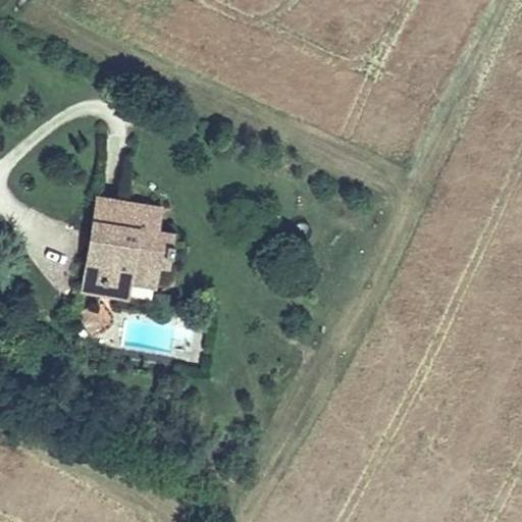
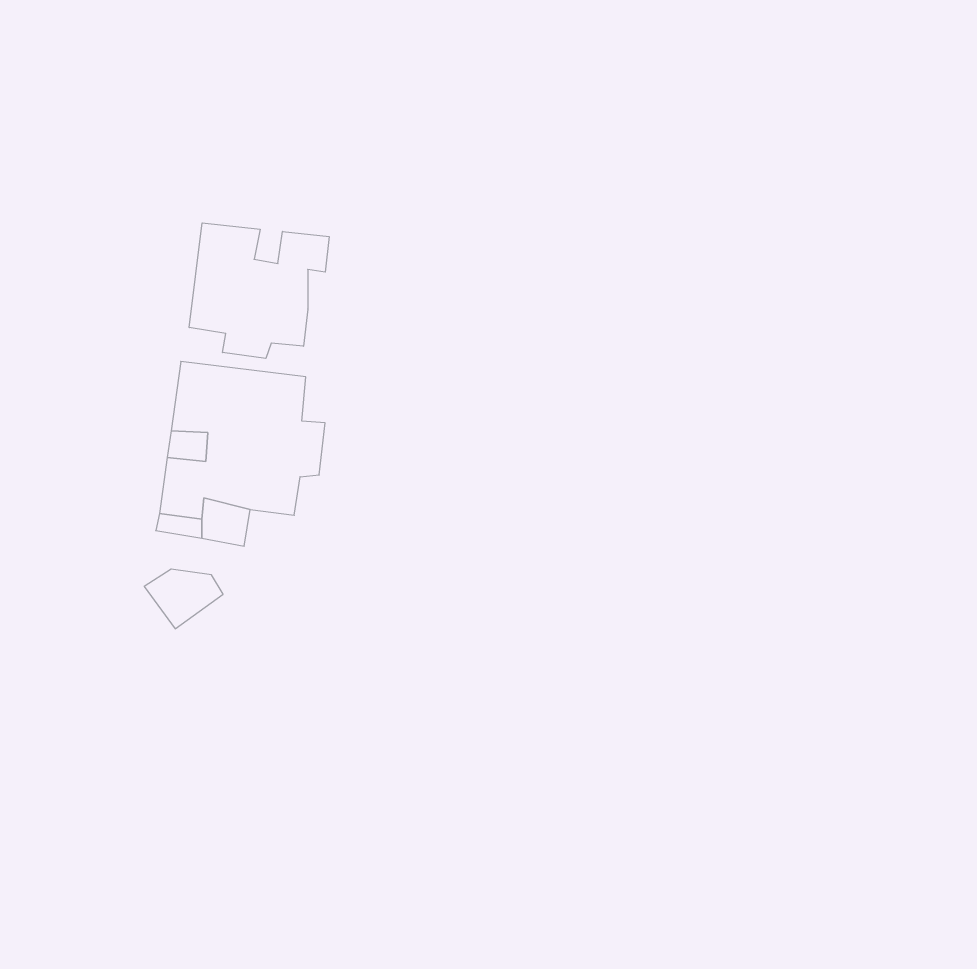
building: none -> [189,223,329,358]

